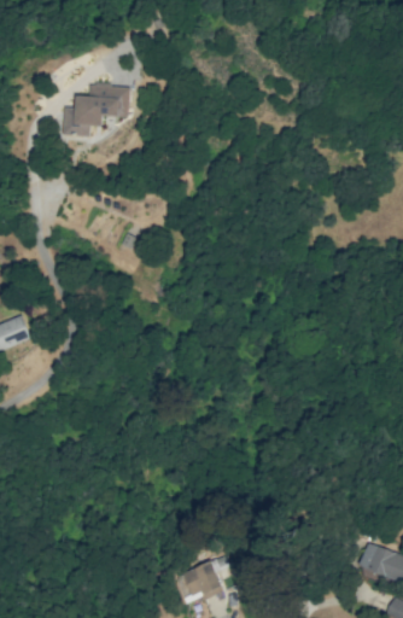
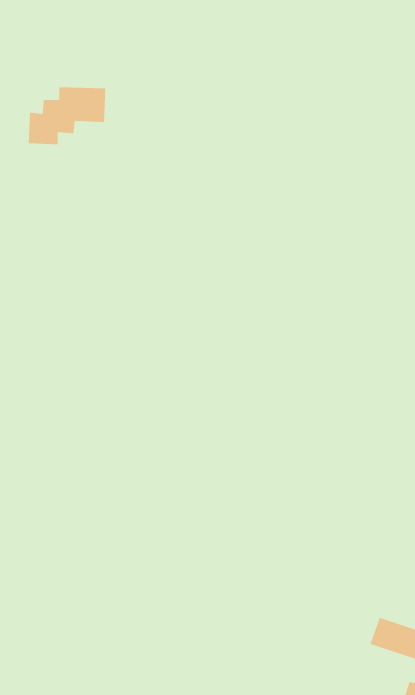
building: [193,565,221,596] -> none

